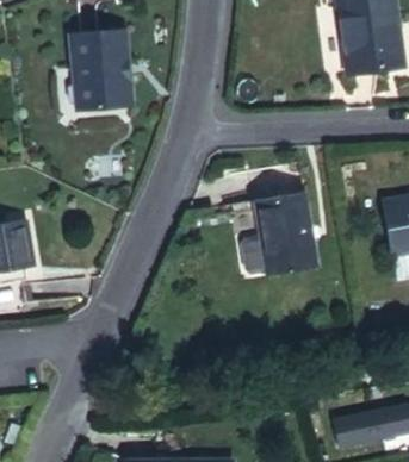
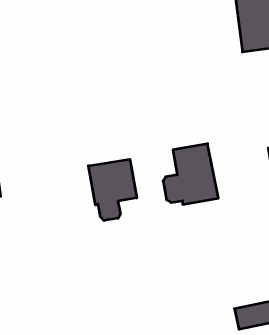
building: [67,32,132,112] -> none
building: none -> [88,159,137,221]

